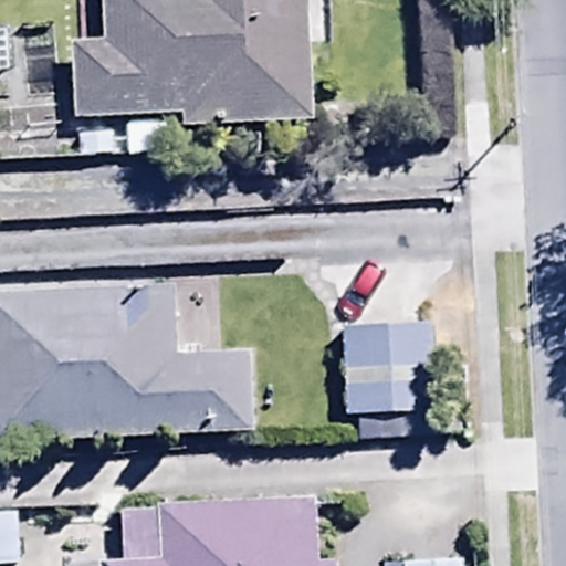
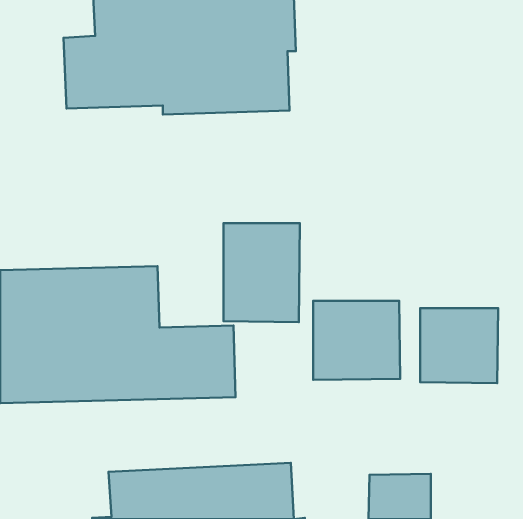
building: none -> [223,223,300,322]
building: none -> [420,308,498,383]

